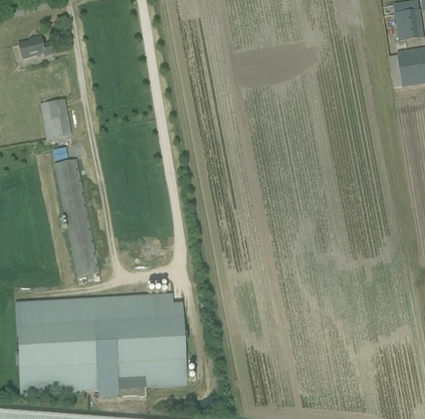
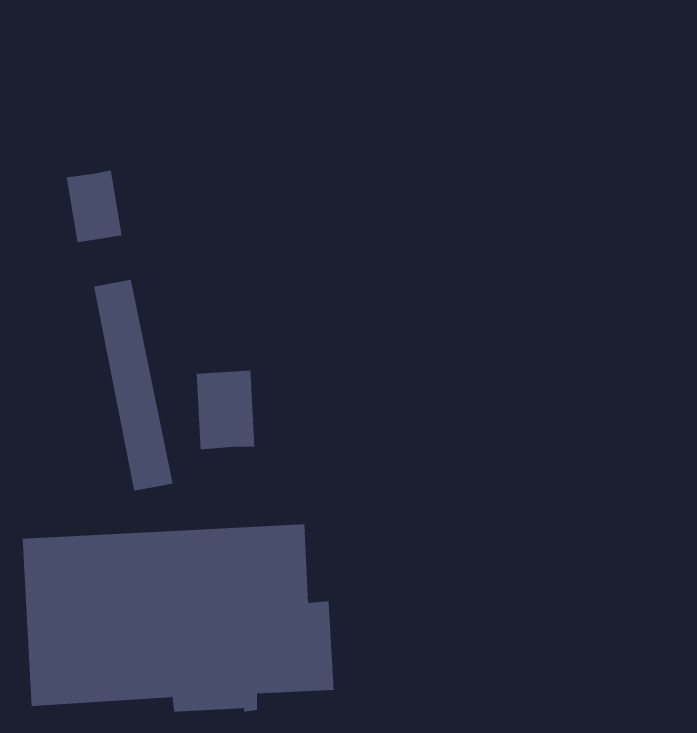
building: [18,35,52,58] -> none
building: none -> [196,370,255,450]

